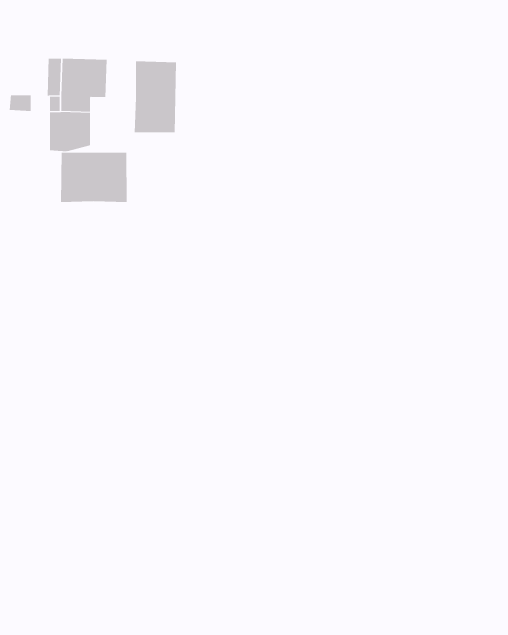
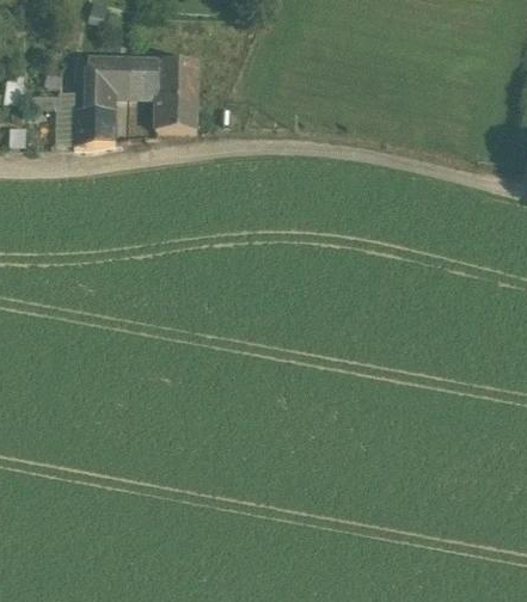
building: none -> [131,57,159,93]
building: [60,152,127,203] -> none

